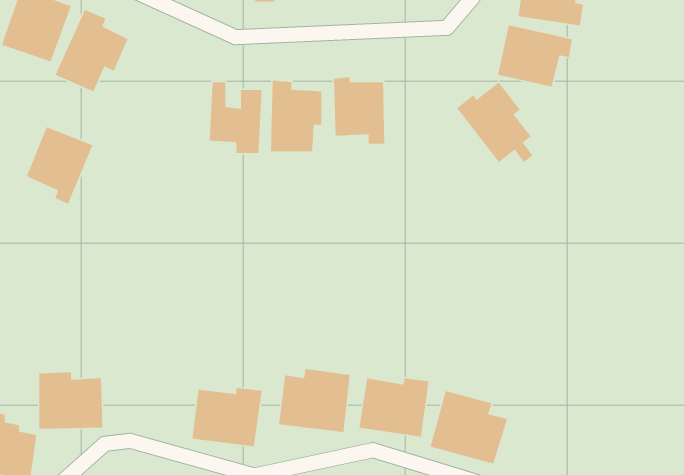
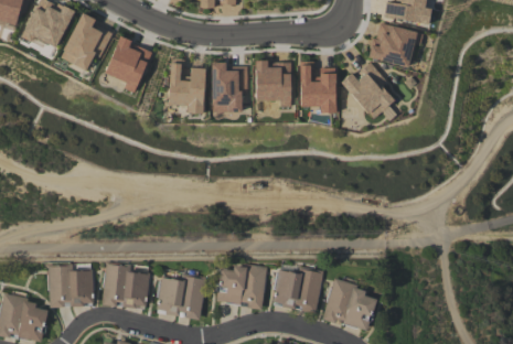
building: none -> [299,63,335,112]
building: [26,126,94,205] -> [105,36,152,92]
building: none -> [101,262,150,305]

